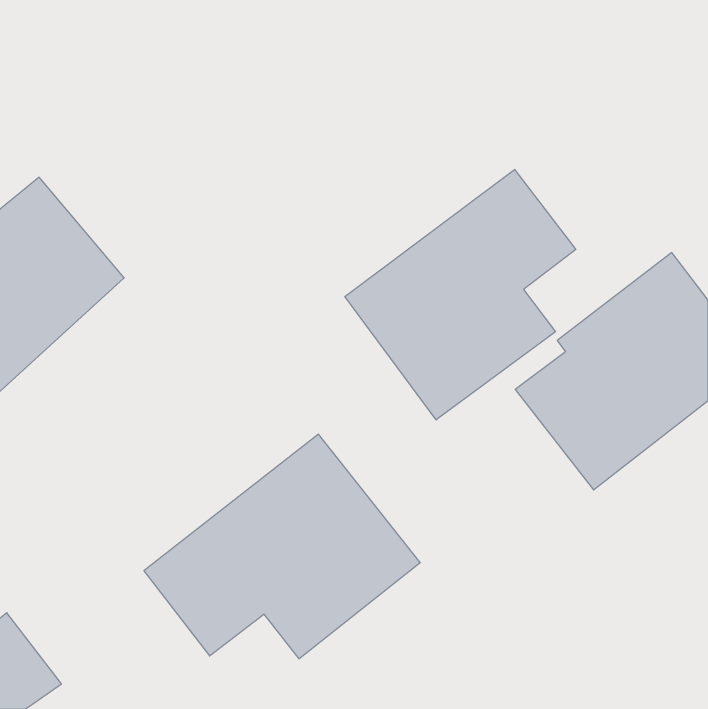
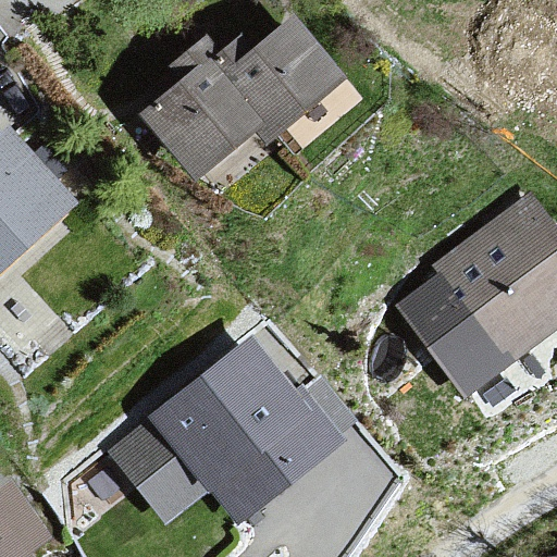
building: none -> [145,14,363,199]
building: [345,169,576,420] -> none

